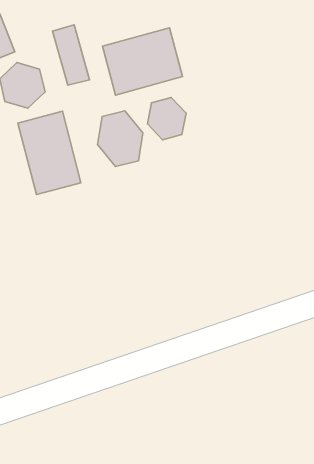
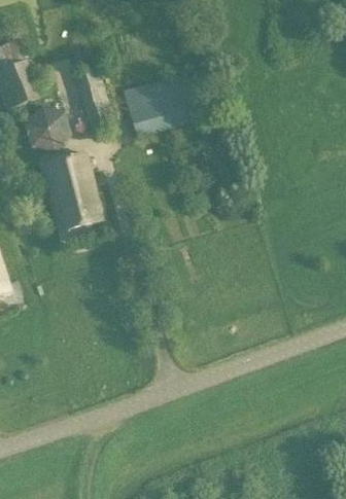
building: [147,97,186,140] -> none
building: [97,111,143,167] -> none

